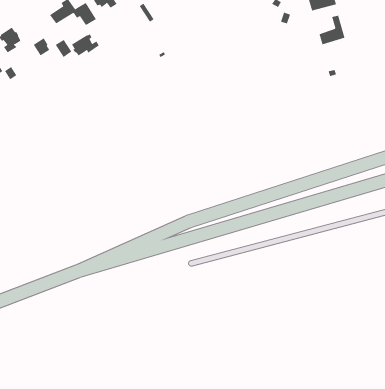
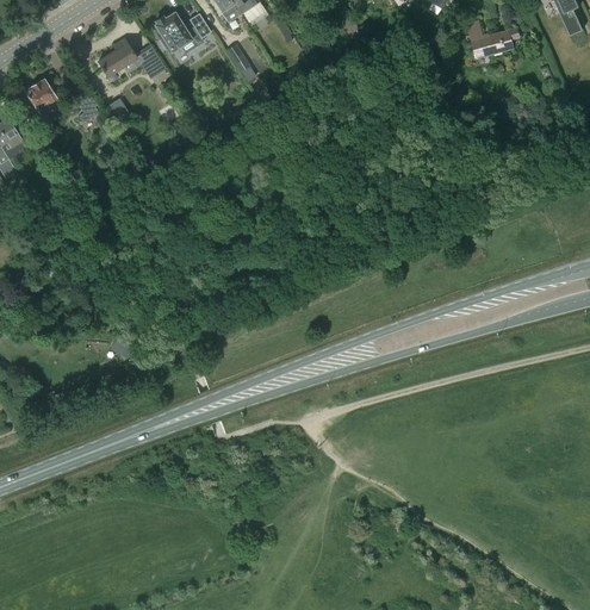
building: [319,15,345,45] -> none
building: [71,34,100,56] -> none

